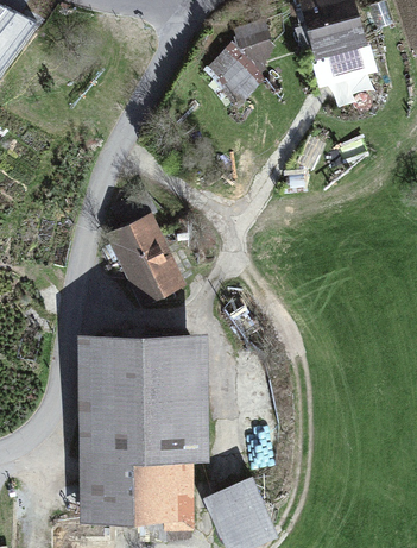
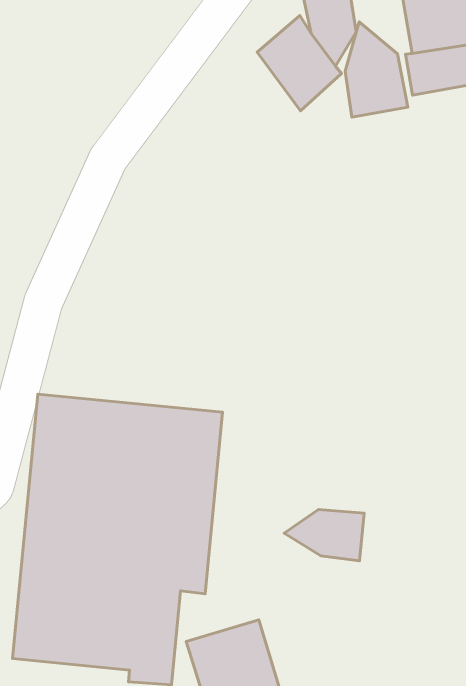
building: none -> [345,22,408,117]
building: [102,191,188,311] -> none
building: none -> [284,509,364,561]

